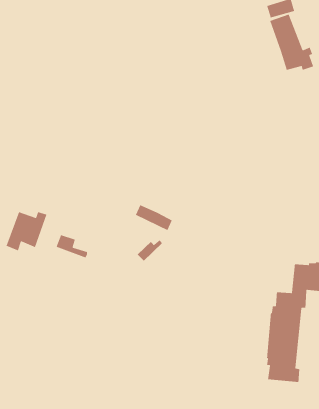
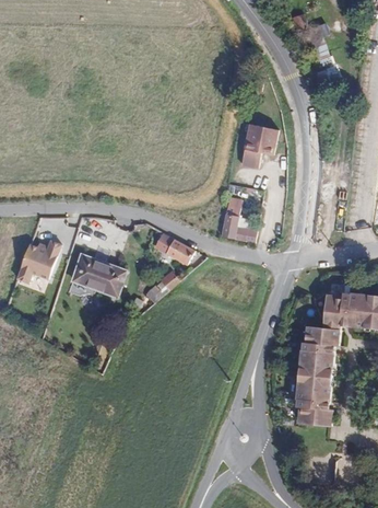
building: none -> [243,123,280,168]
building: none -> [224,203,250,242]
building: none -> [71,254,123,296]

